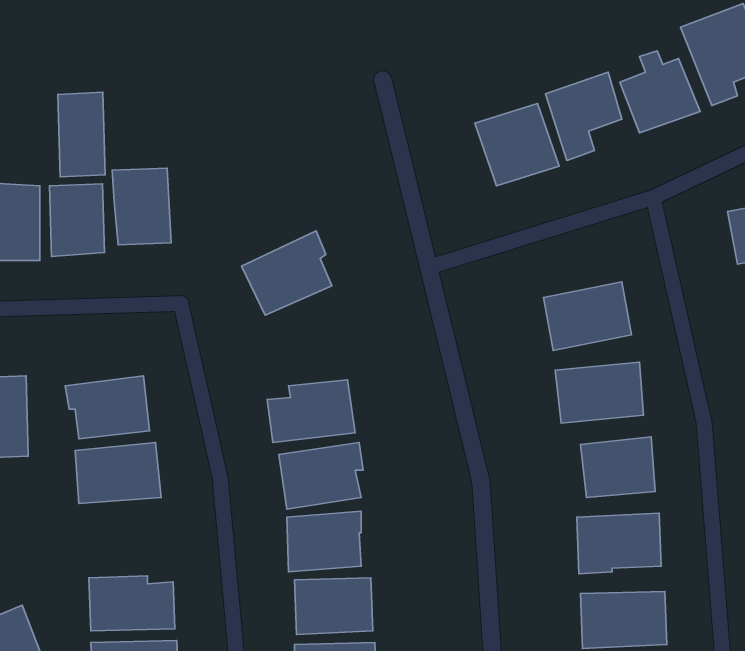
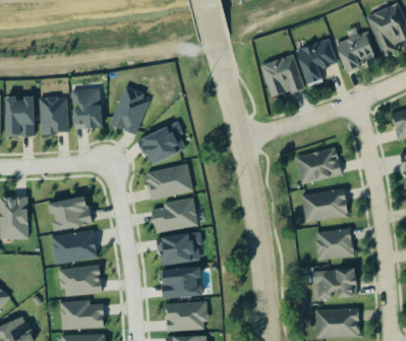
building: [58,92,105,177] -> none
building: none -> [110,88,149,133]
building: none -> [146,164,192,200]
building: none -> [60,265,101,295]

